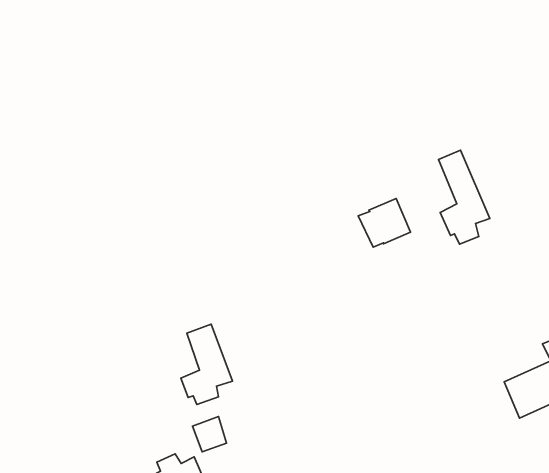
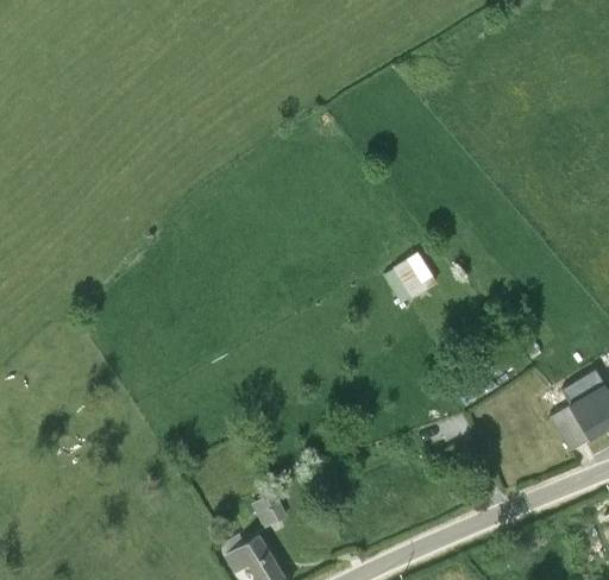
building: [439,150,490,244] -> none
building: [181,324,233,405] -> none

